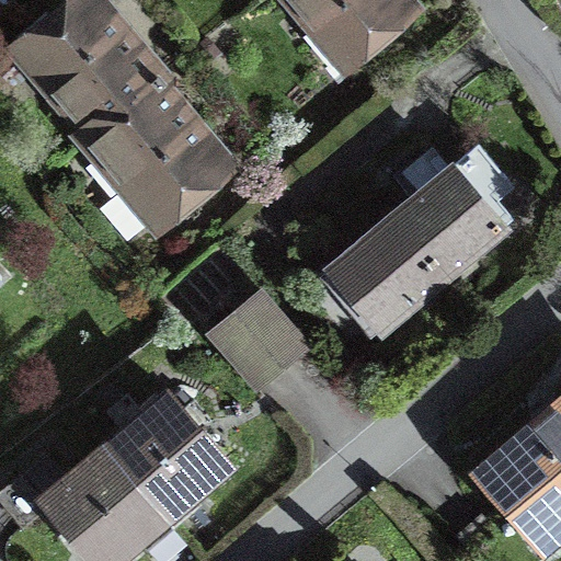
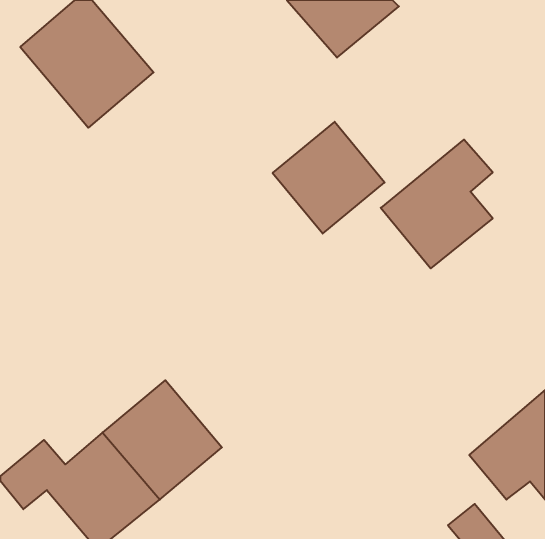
building: [85,80,225,224] -> none
building: [328,219,443,334] -> [273,122,385,234]
building: [209,294,306,391] -> none

